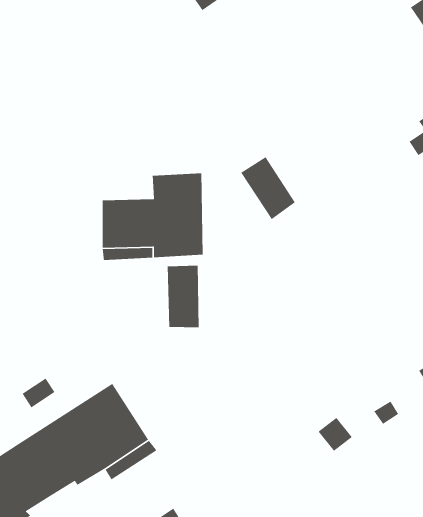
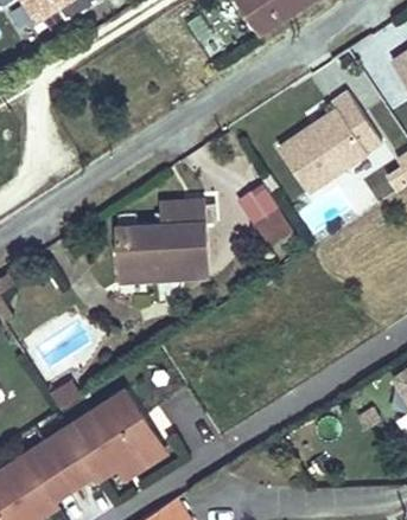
building: none -> [278,91,380,191]
building: [167,265,199,328] -> none

